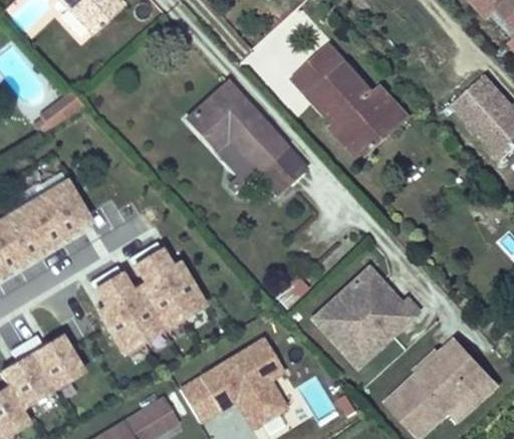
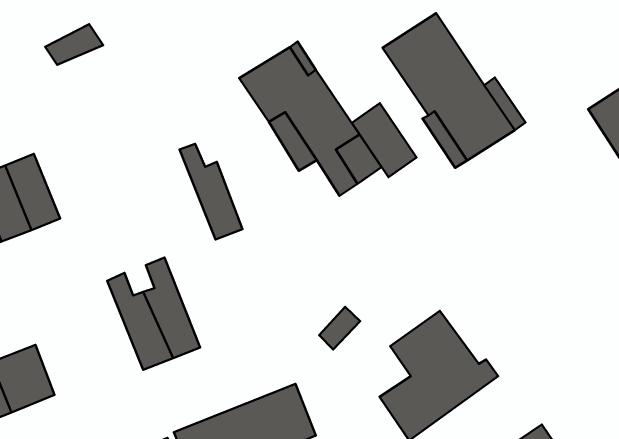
building: none -> [352,103,416,177]
building: [43,180,96,240] -> none
building: [153,251,209,320] -> [180,144,243,240]
building: [98,281,150,358] -> none
building: [310,297,350,337] -> none

